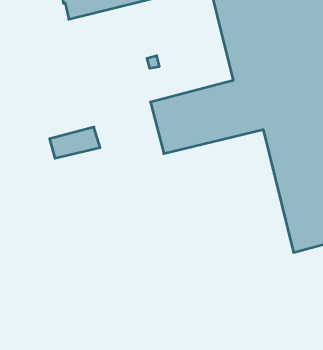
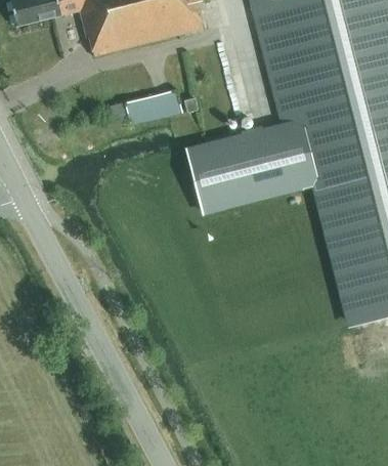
building: [50,127,100,158] -> [125,89,183,125]

